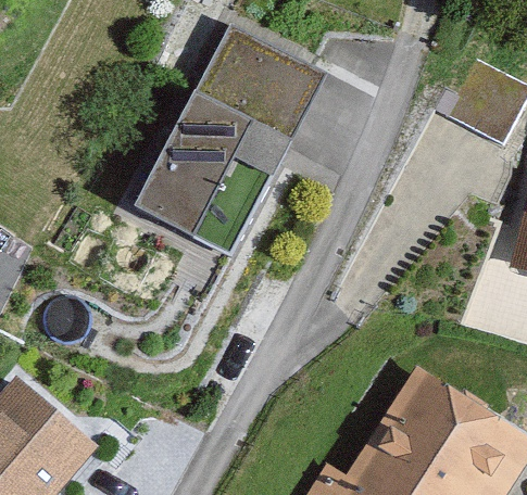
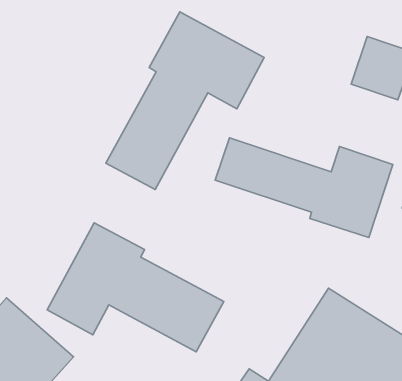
building: none -> [215,138,393,237]
building: none -> [47,223,224,352]

